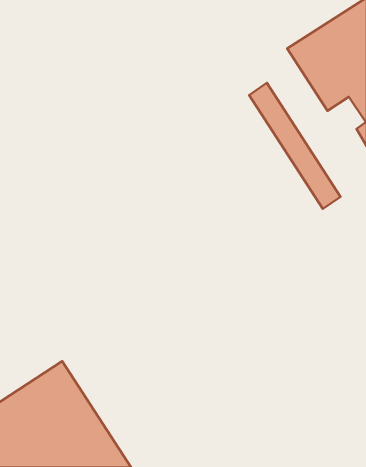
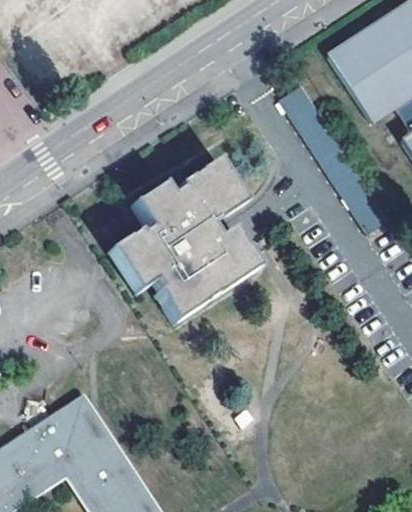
building: none -> [107,161,255,323]

